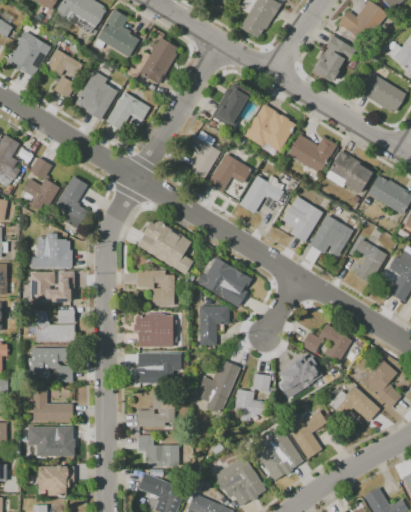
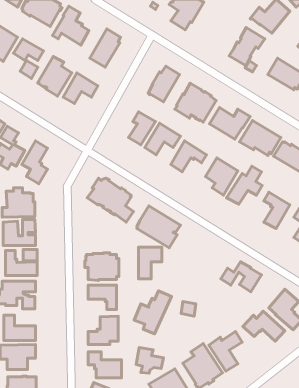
building: [137,270,173,305] -> none
building: [278,352,320,398] -> none
building: [233,389,267,421] -> [136,347,164,373]

